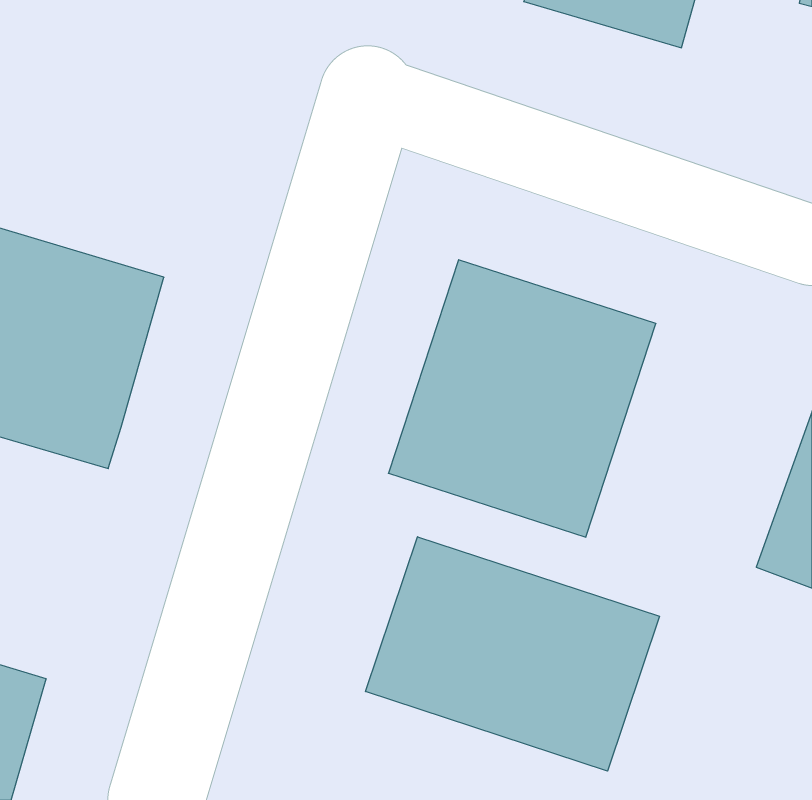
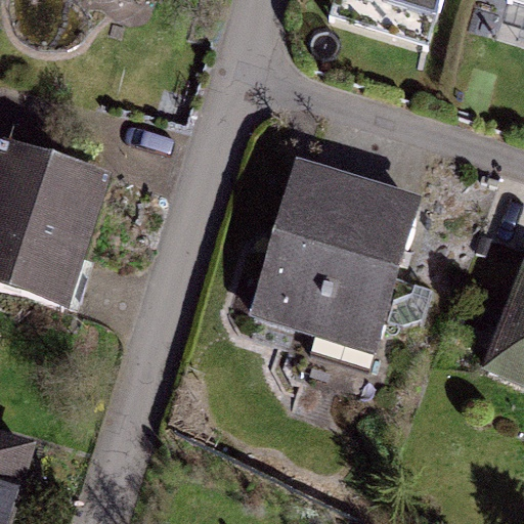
building: [366,537,660,771] -> none

